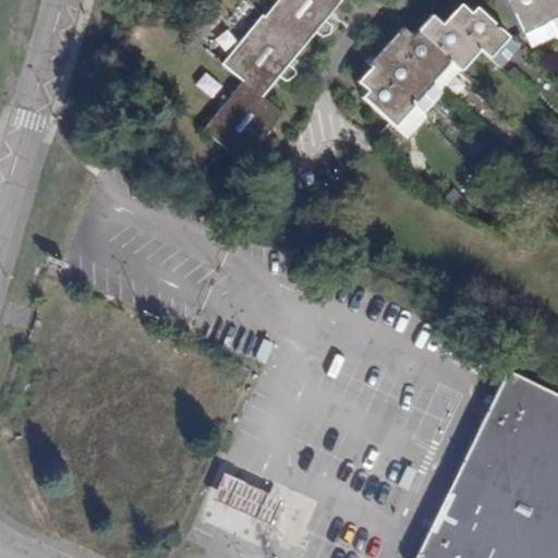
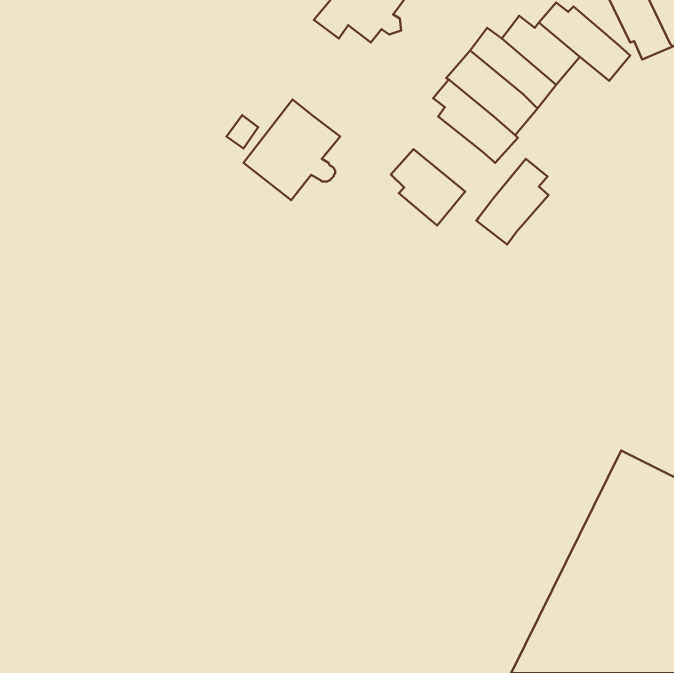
building: [220,15,307,96] -> none
building: none -> [391,149,465,226]
building: none -> [476,159,548,245]
building: [216,476,284,526] -> none

